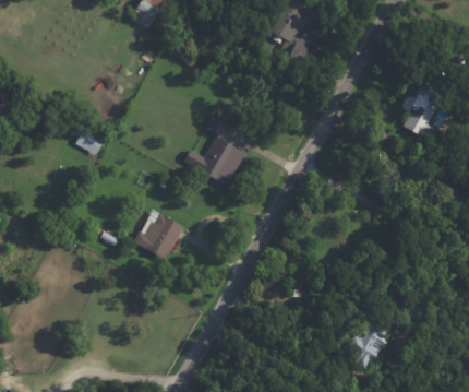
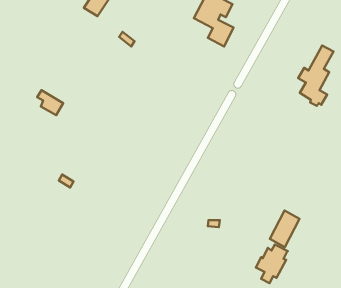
building: [184,114,248,187] -> none
building: [133,210,183,260] -> none
building: none -> [270,210,300,247]

